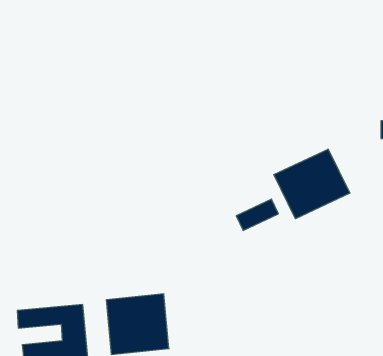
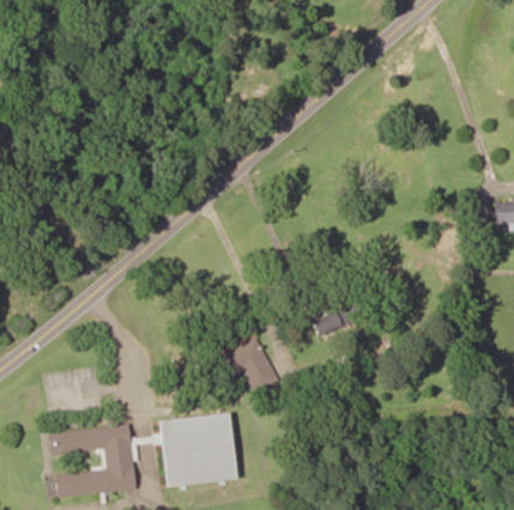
building: [274,149,350,219] -> none
building: none -> [219,339,277,391]

